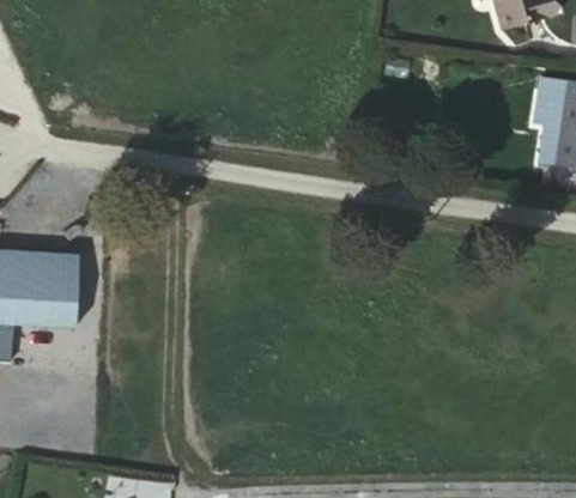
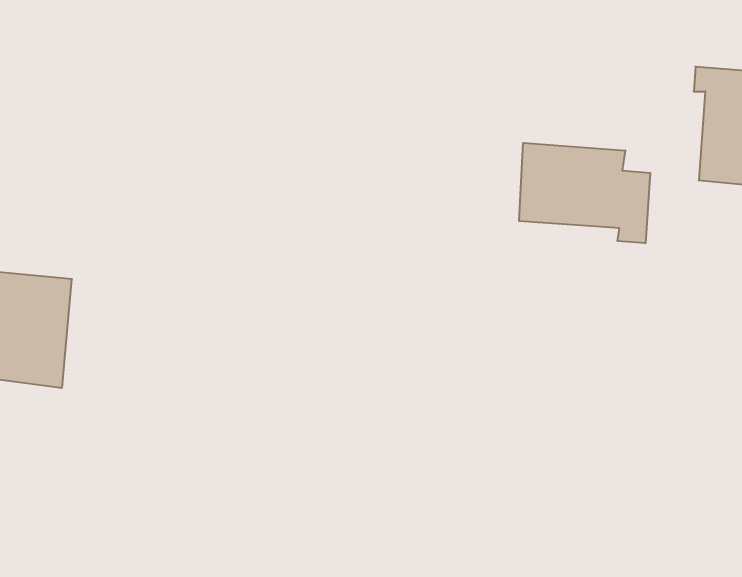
building: none -> [519,143,650,243]

